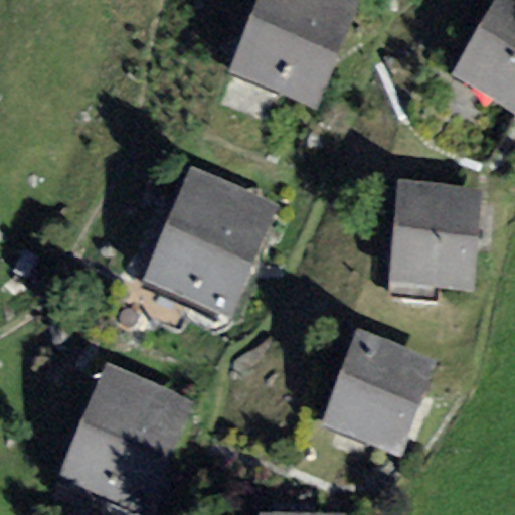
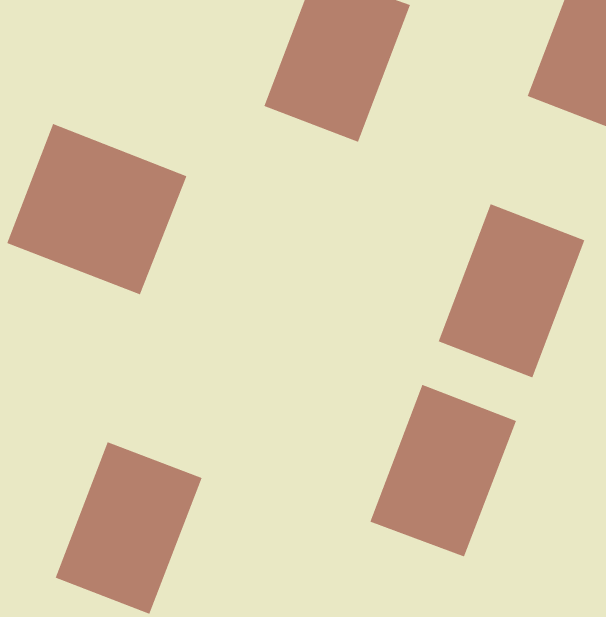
building: none -> [6,123,187,295]
building: [146,168,269,311] -> none

